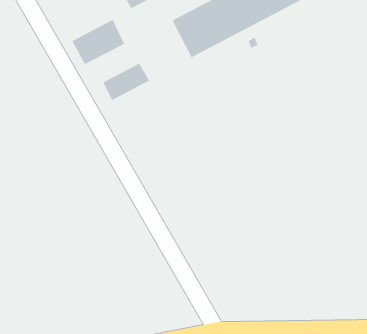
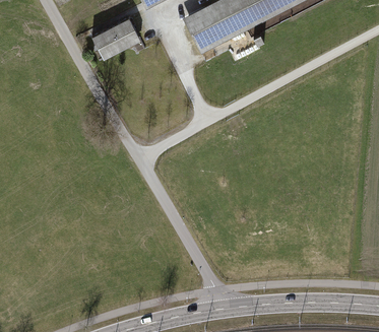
building: [102,62,150,101] -> none

